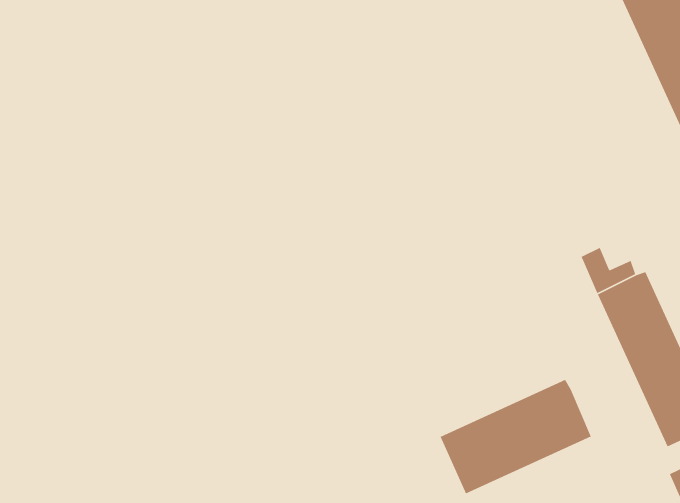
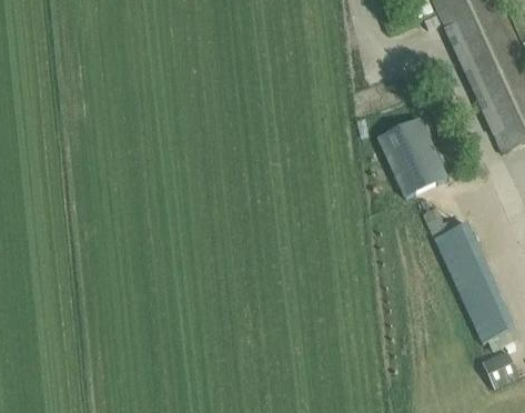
building: none -> [377,117,445,195]
building: [439,379,592,494] -> none

